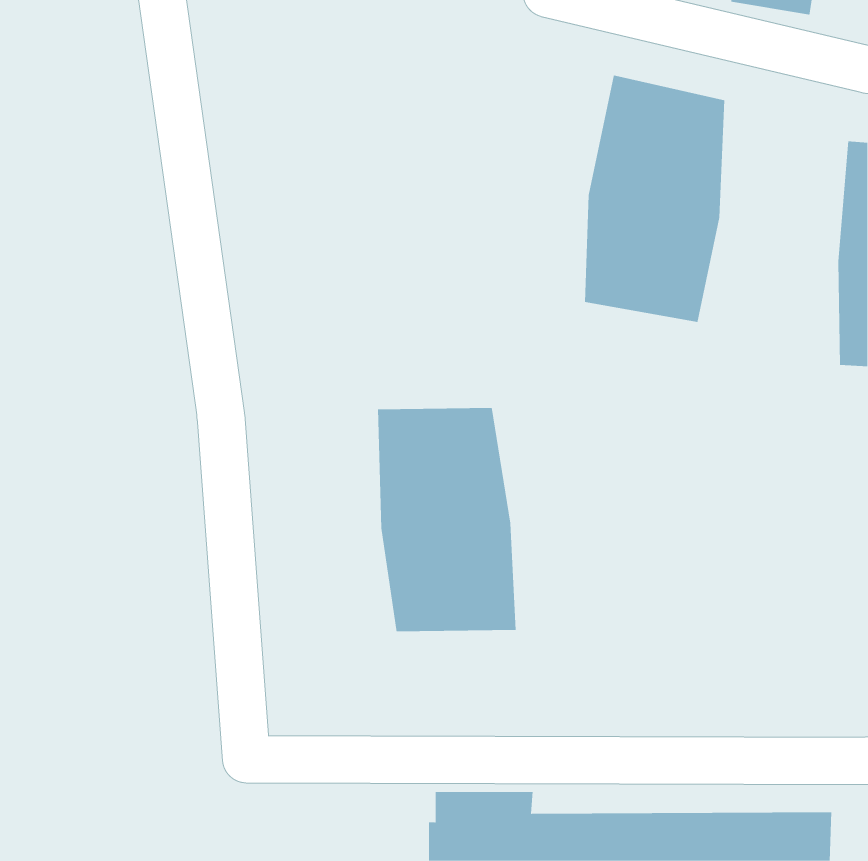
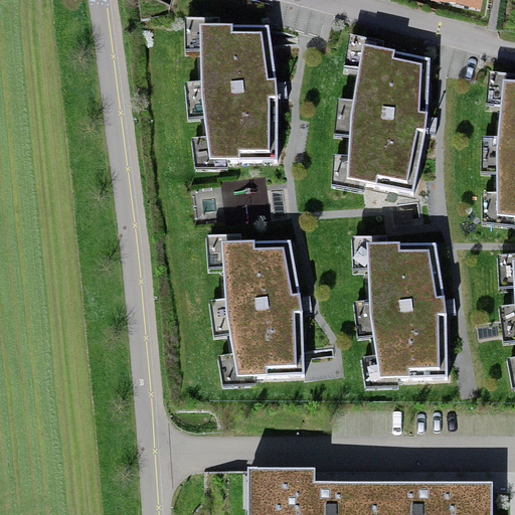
building: none -> [200,24,279,162]
building: none -> [369,242,449,378]

